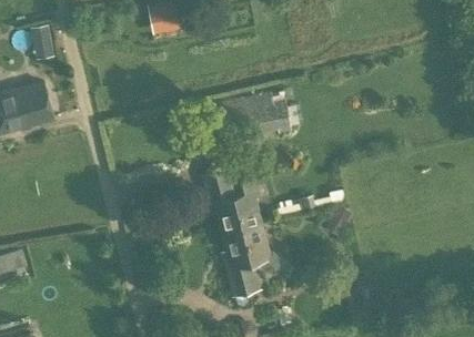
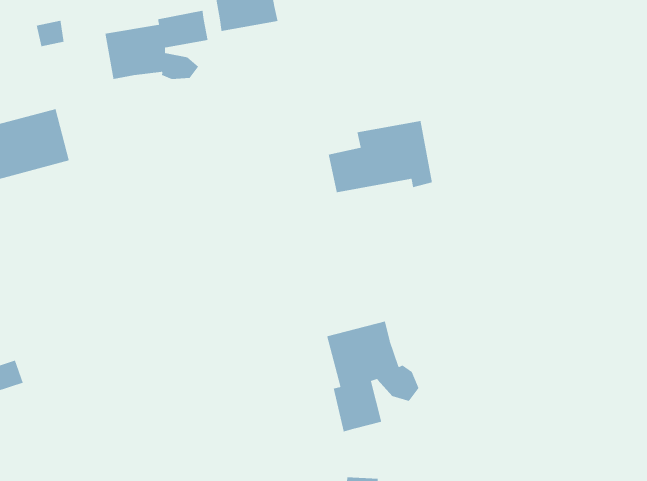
building: none -> [105,10,208,80]
building: [202,171,260,233] -> none

